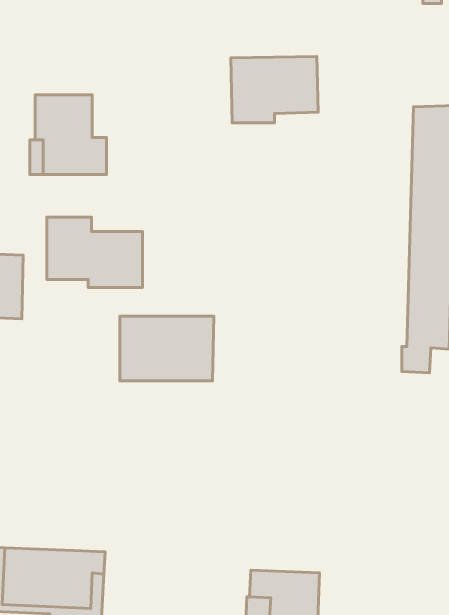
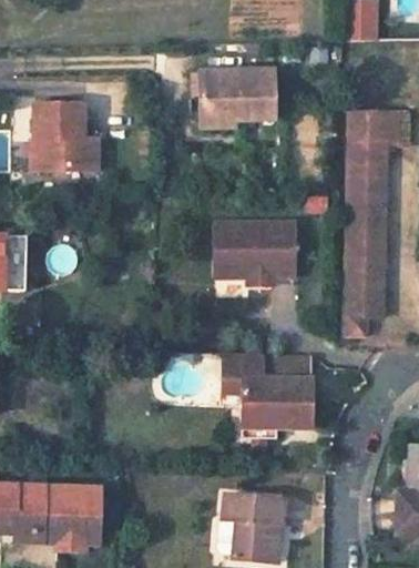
building: [47,217,142,287] -> none
building: [120,316,214,381] -> [218,221,297,275]
building: none -> [225,354,311,437]

